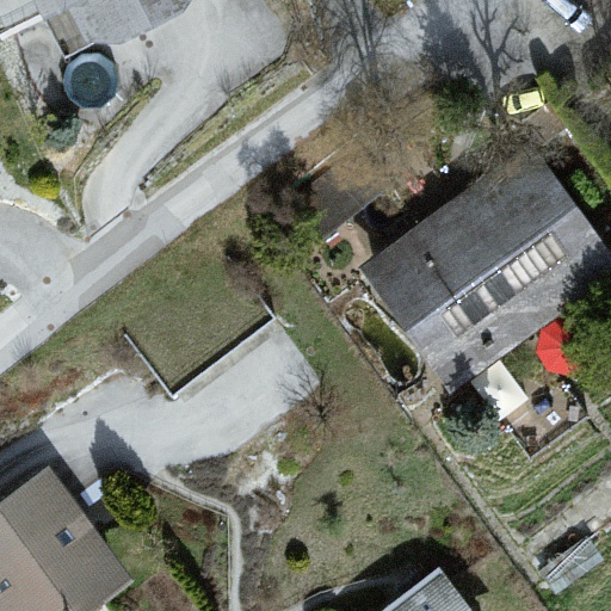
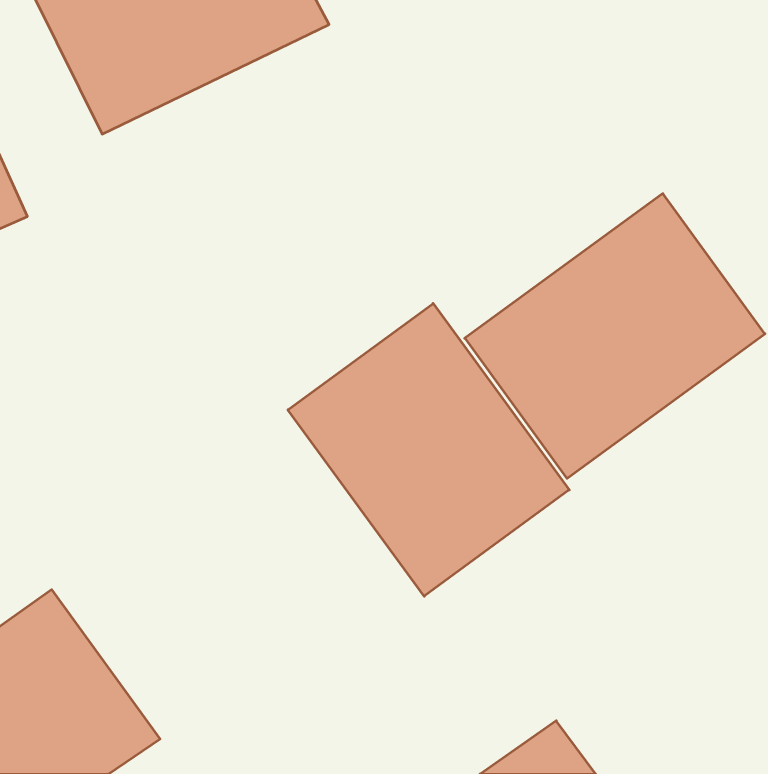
building: none -> [288,303,569,596]

